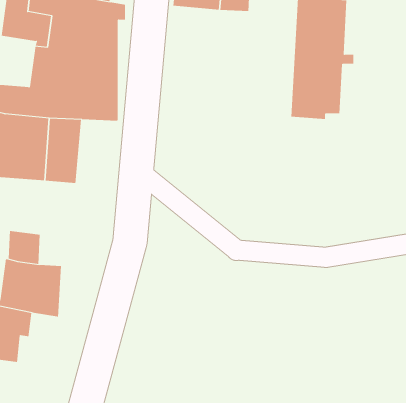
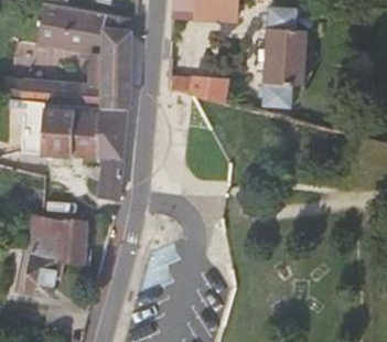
building: none -> [170,71,234,106]
building: none -> [96,109,128,199]

